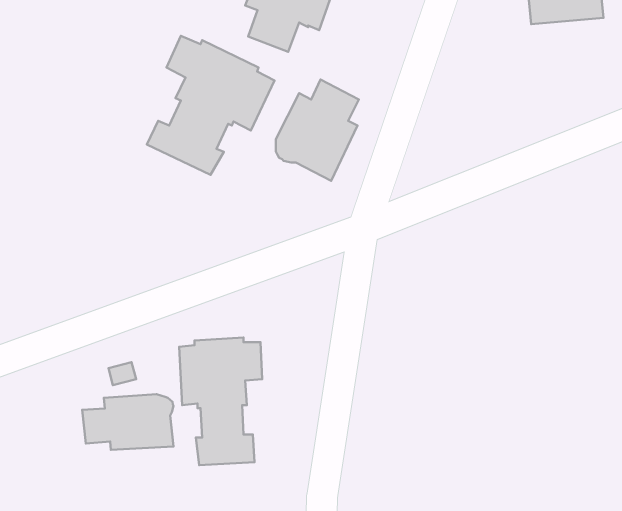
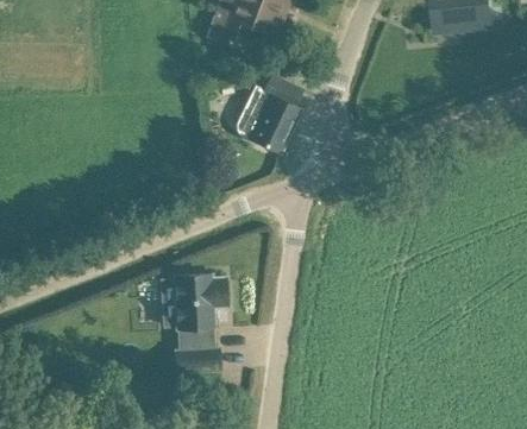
building: [147,36,275,175] -> none
building: [82,394,174,450] -> none

